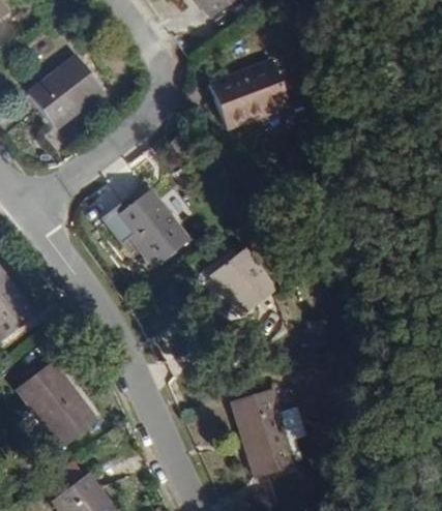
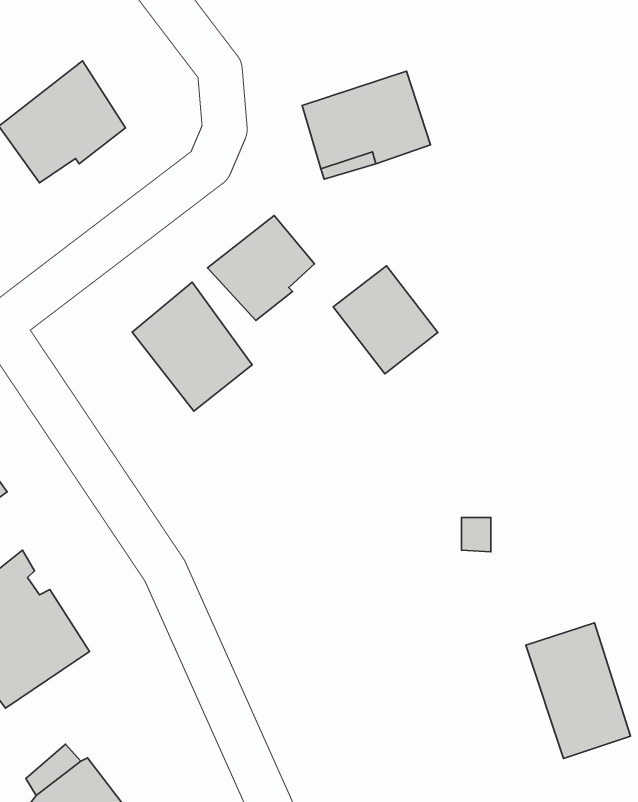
building: none -> [207,215,314,320]
building: [209,248,272,313] -> [333,266,438,374]
building: [231,393,294,475] -> [526,623,631,759]

